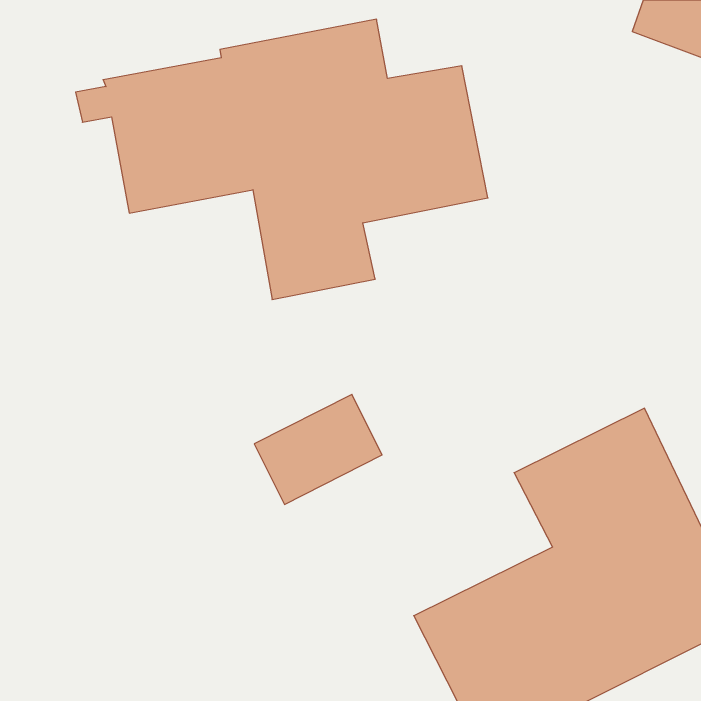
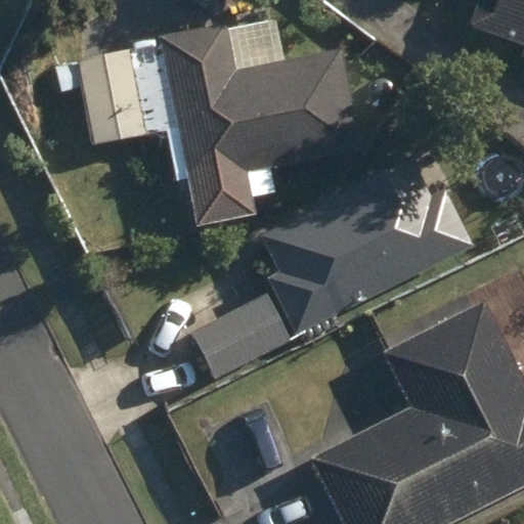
building: none -> [263,160,469,333]

